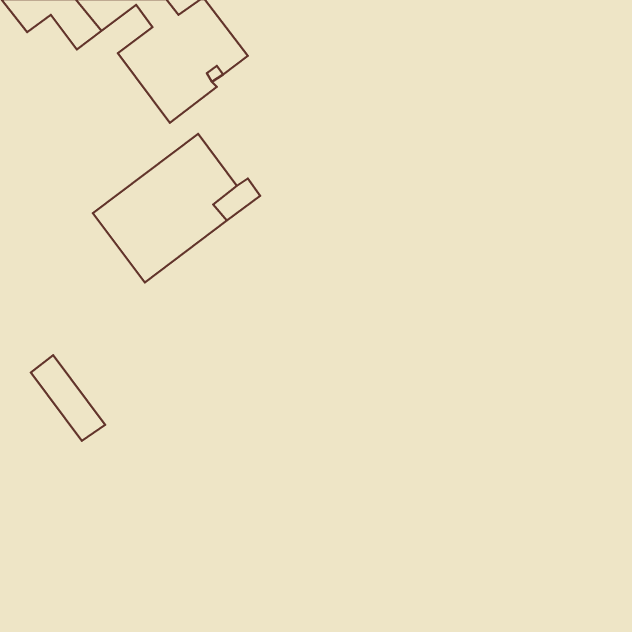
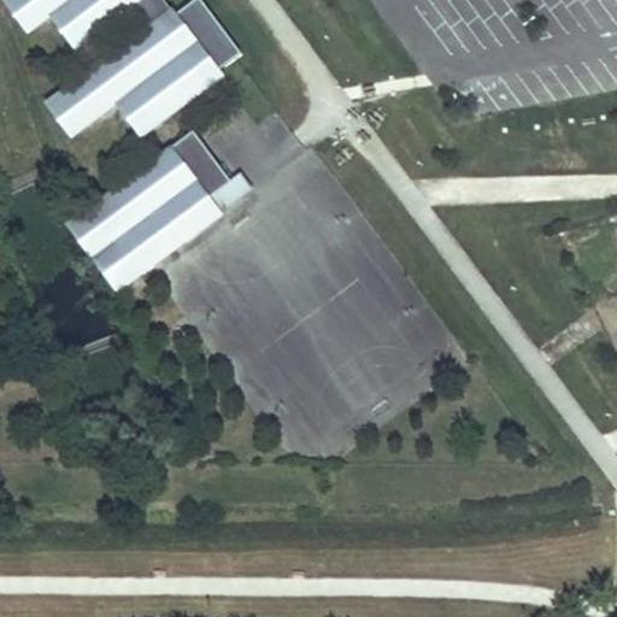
building: none -> [47,52,165,136]
building: [31,355,105,441] -> [69,207,141,290]

